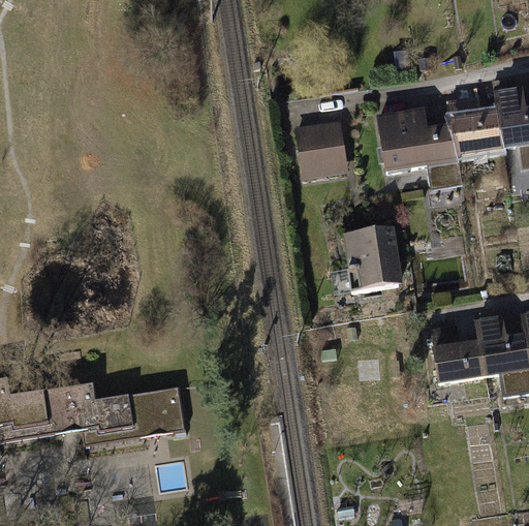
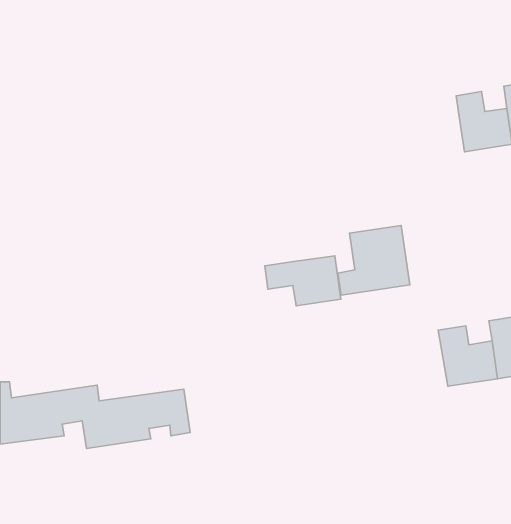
building: [375,107,458,172] -> none
building: [293,122,345,180] -> none
building: none -> [265,256,341,306]

